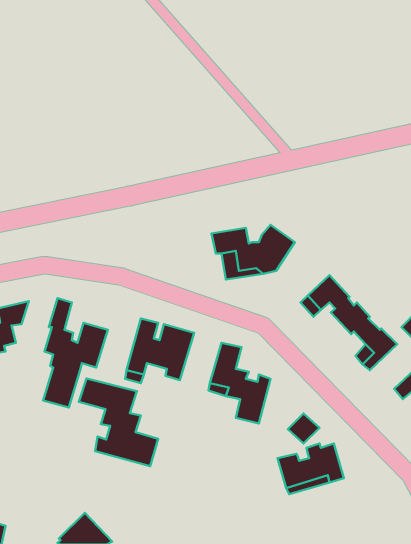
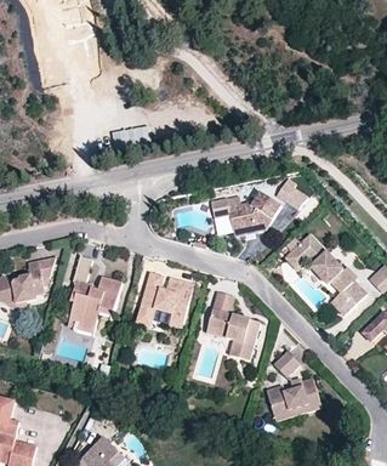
building: none -> [277,178,311,210]
building: [79,378,158,466] -> none

